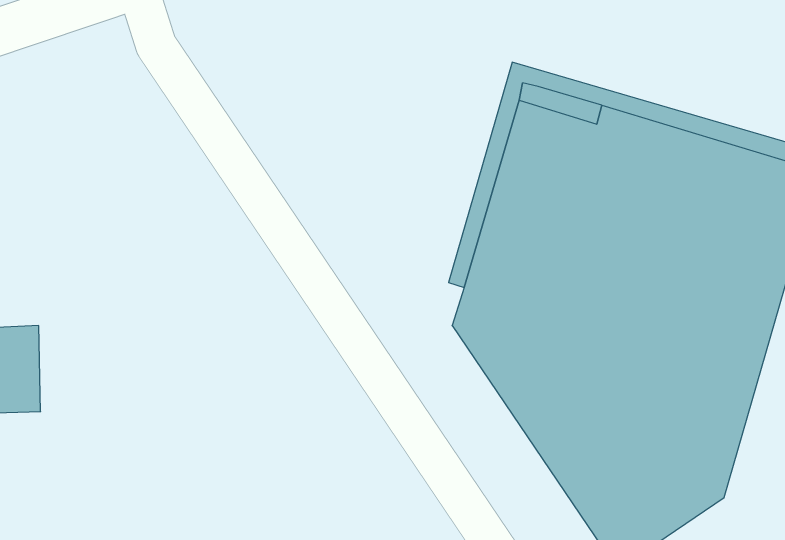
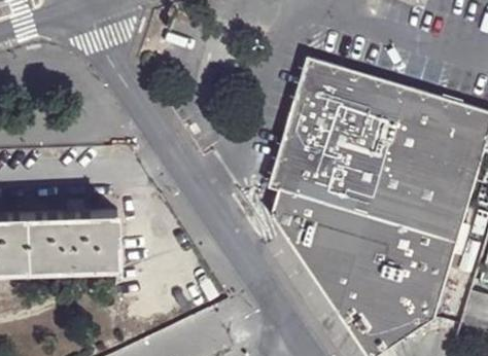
building: none -> [26,213,117,268]

